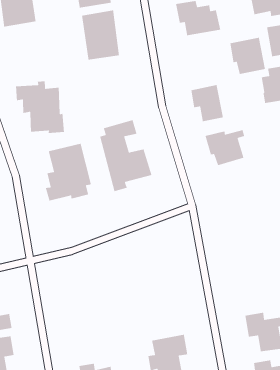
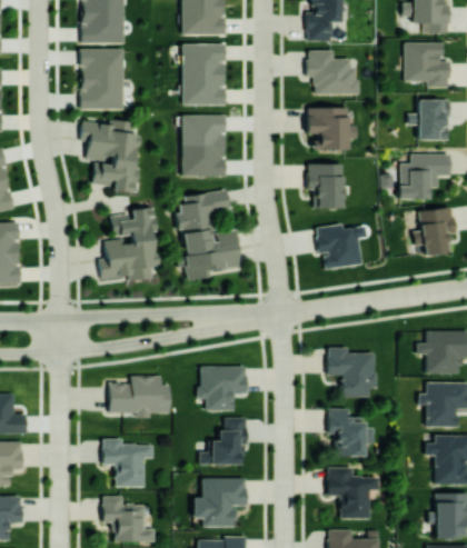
building: none -> [80,49,123,109]
building: [229,37,266,75] -> [307,107,348,151]
building: none -> [181,114,226,177]
building: none -> [327,348,375,397]
building: none -> [199,367,246,410]
building: none -> [108,376,170,418]
building: none -> [327,409,372,457]
building: none -> [200,418,247,465]
building: none -> [101,439,155,487]

